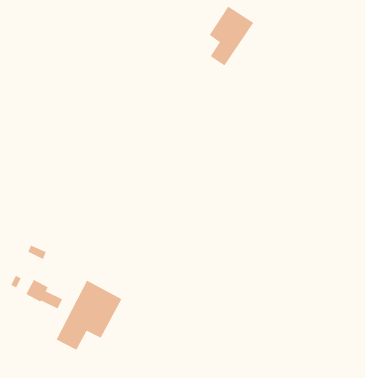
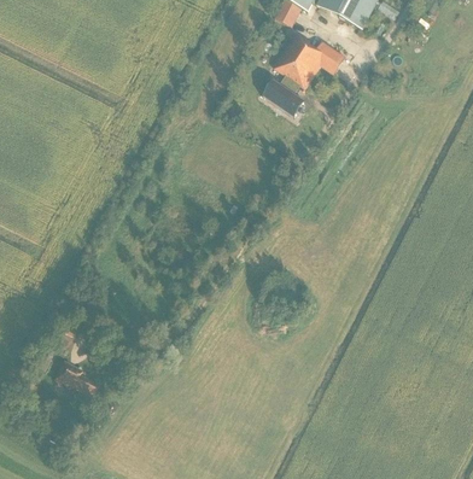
building: [56,280,122,351] -> none

